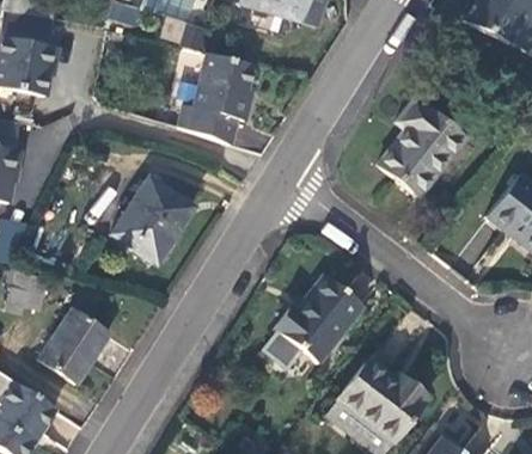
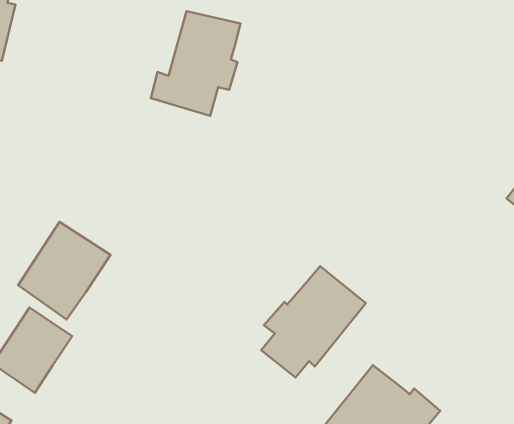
building: [378,97,465,195] -> none
building: [115,178,195,263] -> [18,222,111,320]

